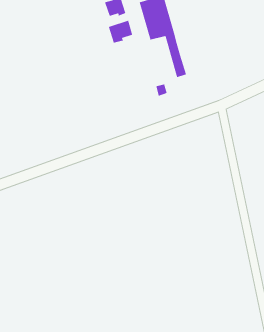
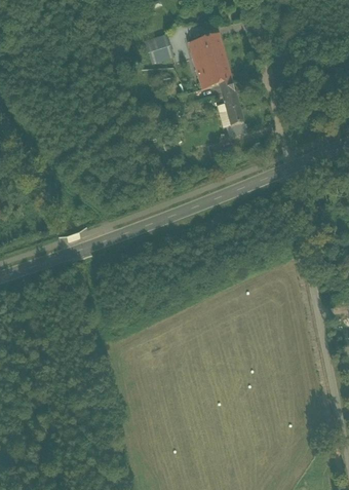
building: [108,20,133,43] -> none

